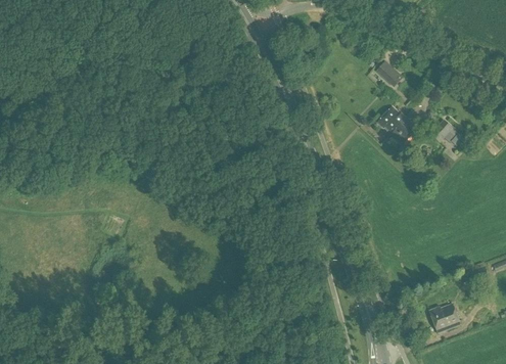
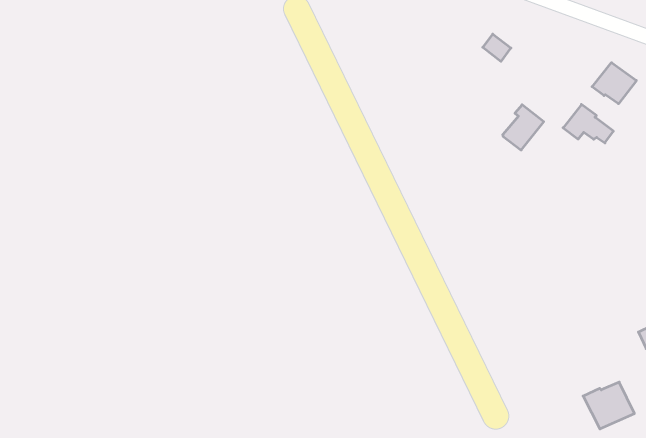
building: none -> [592,63,636,104]
building: [377,104,404,133] -> none

